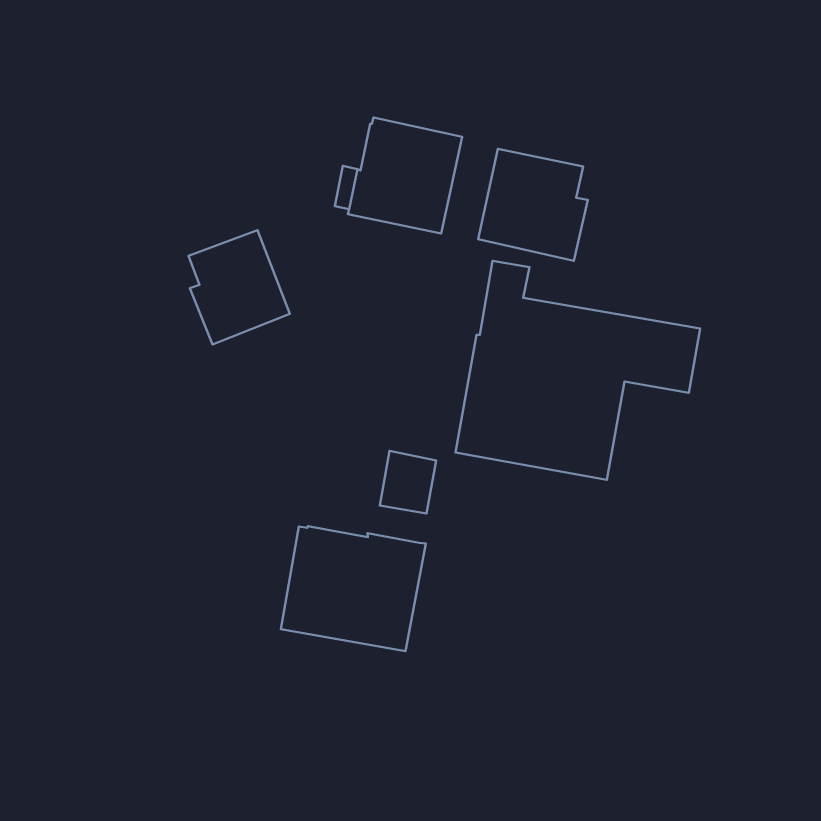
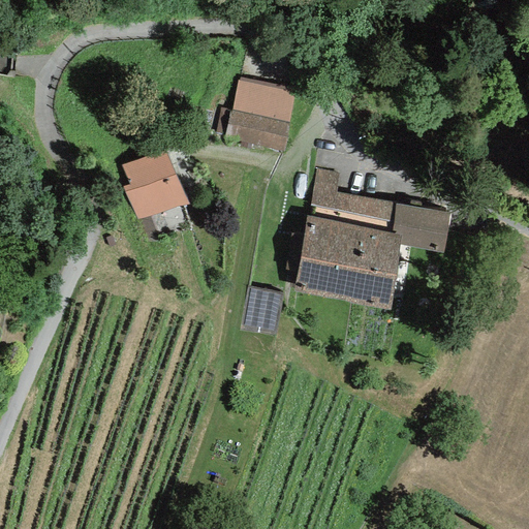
building: [478,149,588,261] -> none
building: [281,526,426,651] -> none

